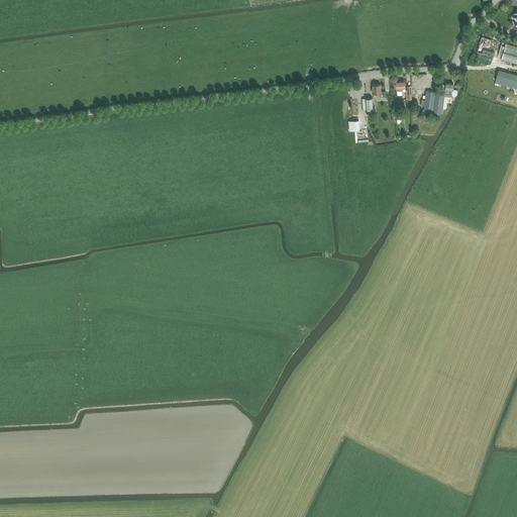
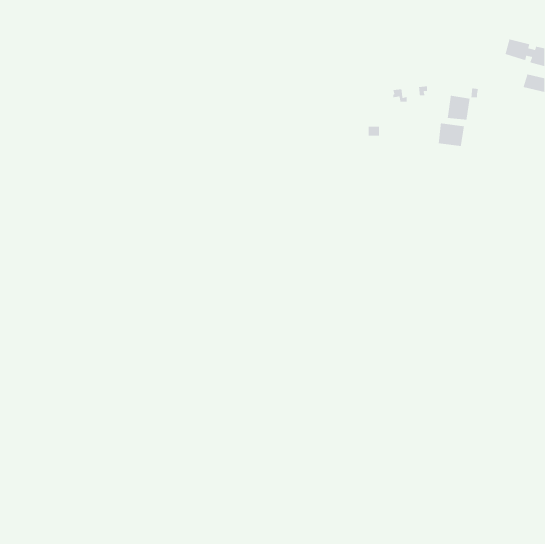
building: none -> [438,123,465,147]

